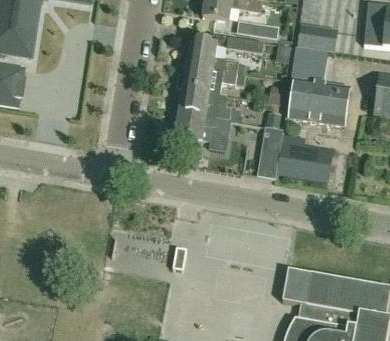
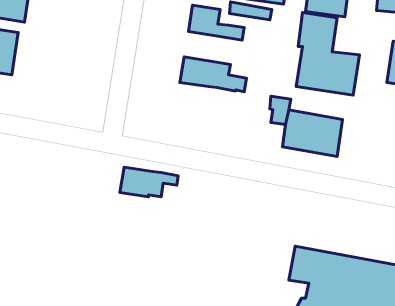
building: [176,65,237,96] -> none
building: [174,113,229,141] -> [120,167,178,197]

